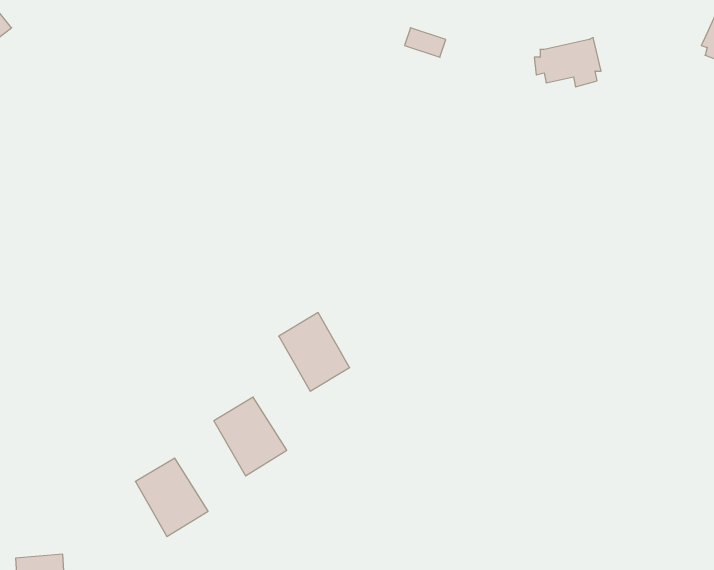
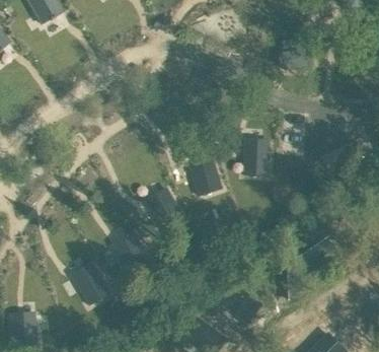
building: none -> [243,140,269,173]
building: none -> [188,155,221,194]

